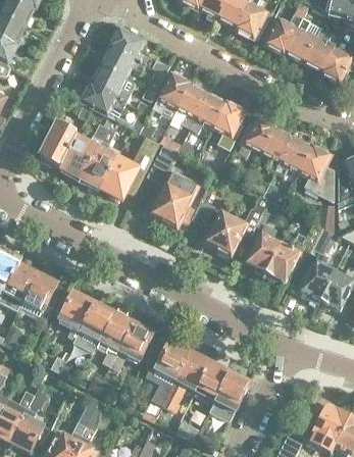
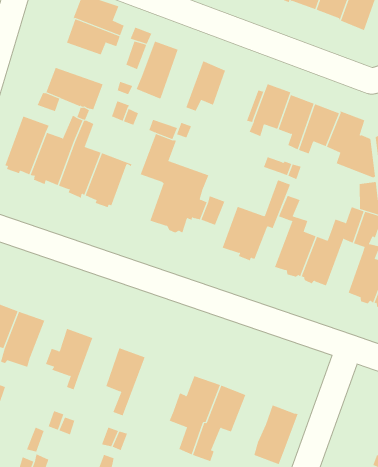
building: [92,64,131,101] -> none
building: [171,81,208,128] -> none
building: [207,100,246,169] -> none
building: [79,302,113,342] -> none
building: [110,322,153,371] -> none
building: [195,362,230,401] -> none

